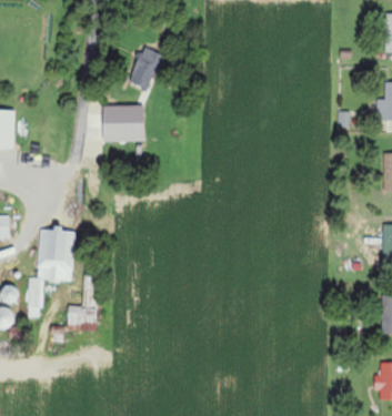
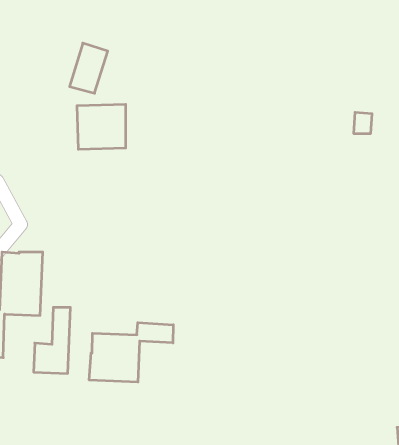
building: [130,47,162,89] -> [70,43,108,93]
building: none -> [89,323,173,382]

